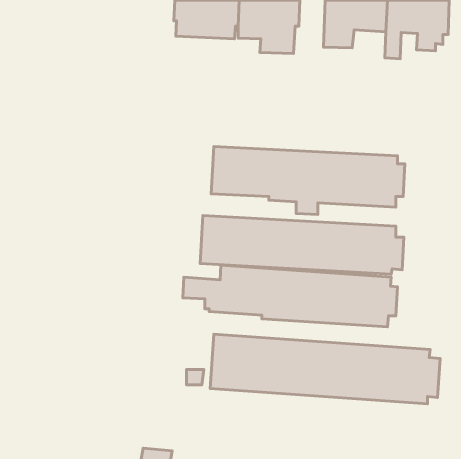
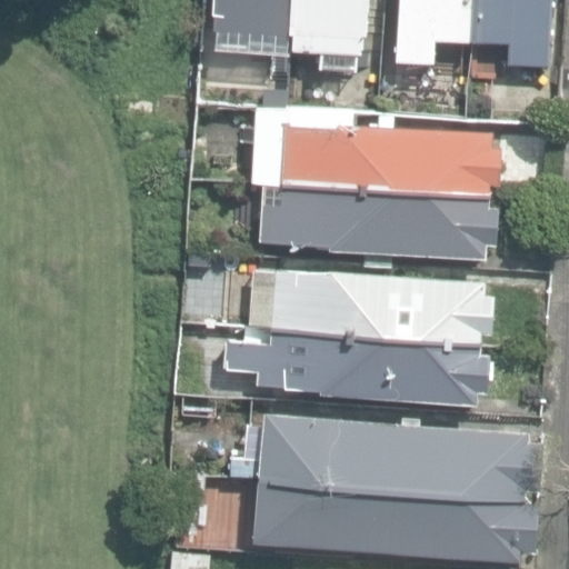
building: none -> [252,106,499,196]
building: none -> [253,481,538,561]

